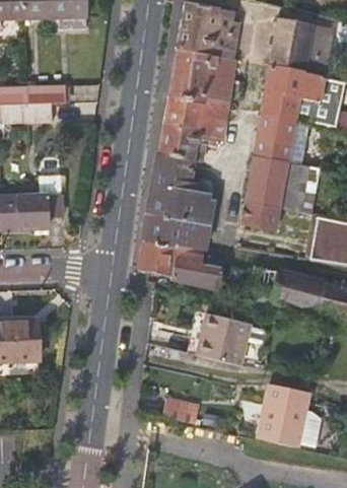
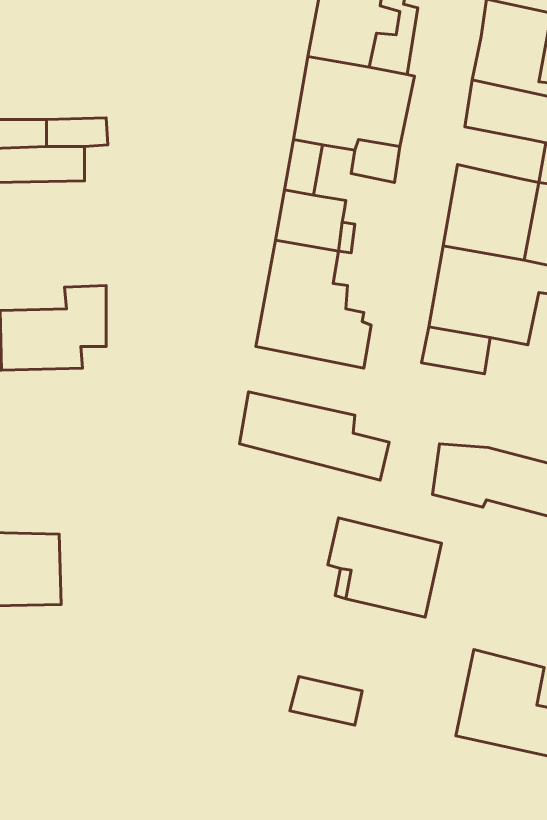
building: [261,90,301,120] -> none
building: [180,100,225,143] -> none
building: [143,214,208,253] -> none

